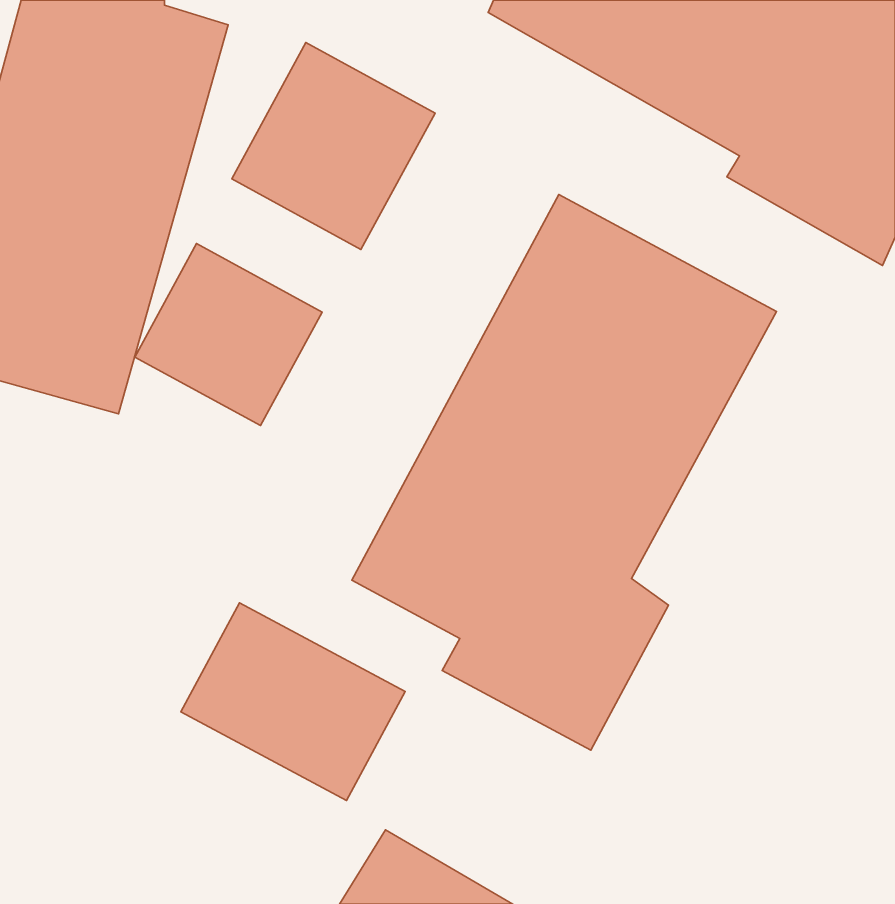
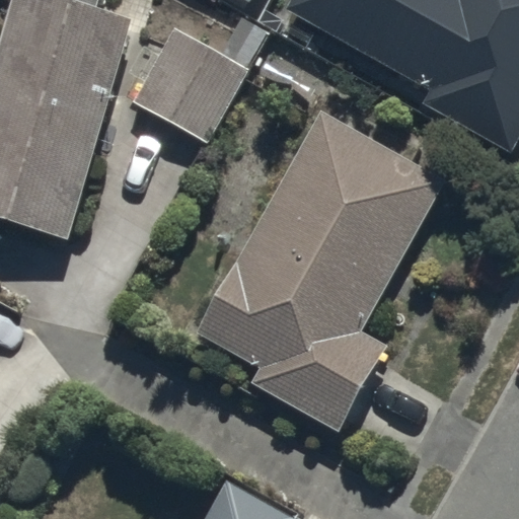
building: [135,244,322,426] -> none
building: [181,603,405,801] -> none

